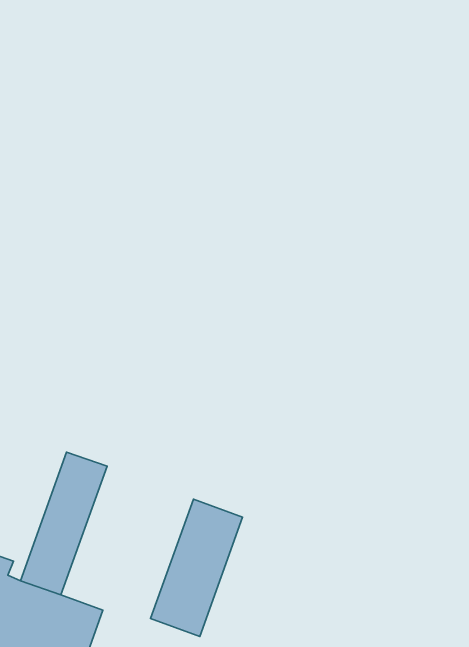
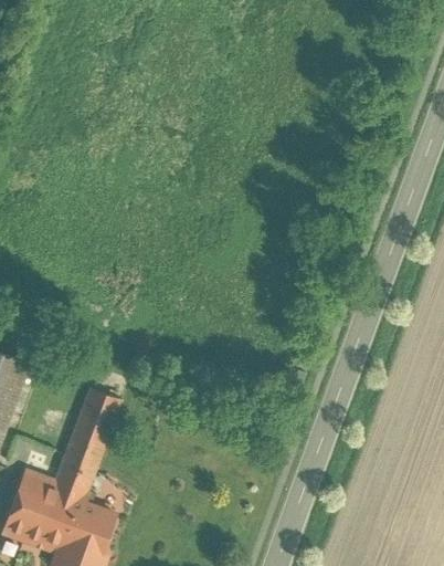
building: [151,499,243,637] -> none

